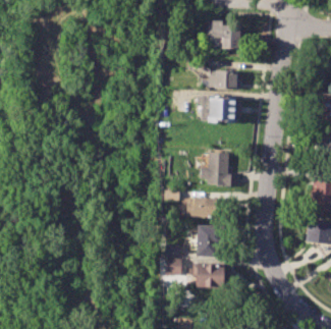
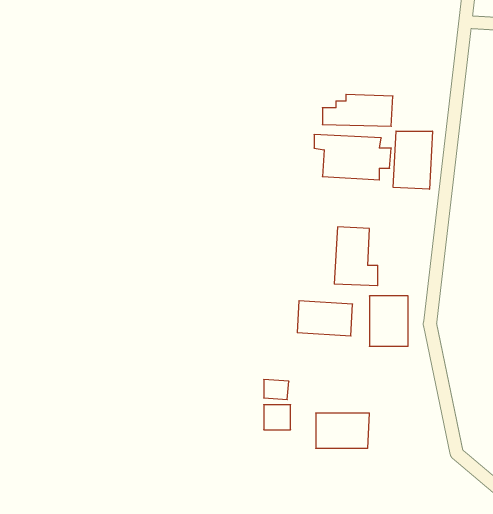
building: [211,20,240,50] -> none
building: none -> [393,131,432,189]
building: [198,224,221,255] -> [369,296,408,346]

